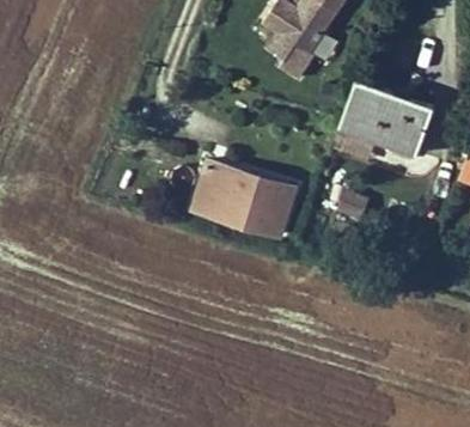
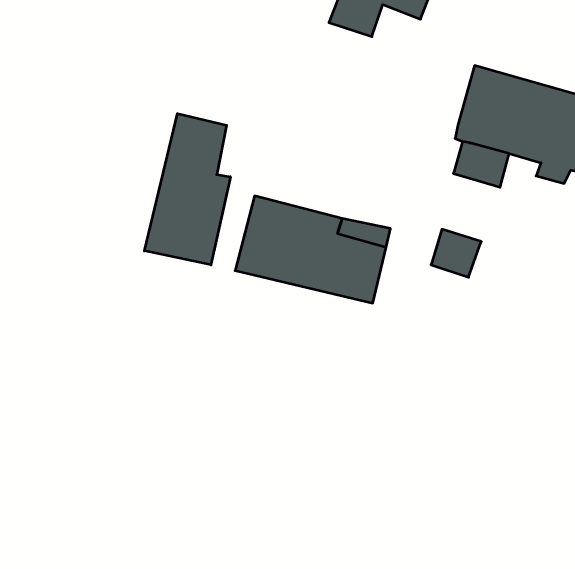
building: none -> [144,114,230,265]

